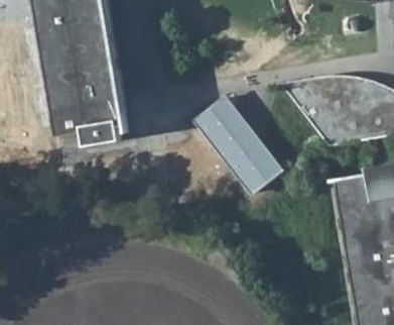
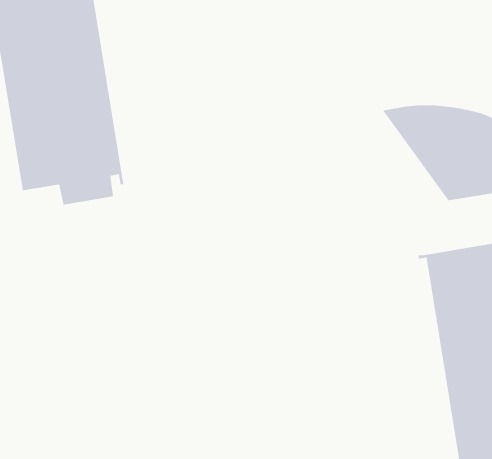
building: [281,80,349,146] -> none
building: [192,91,287,194] -> none

